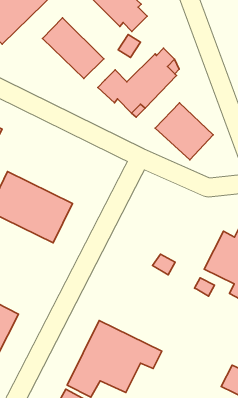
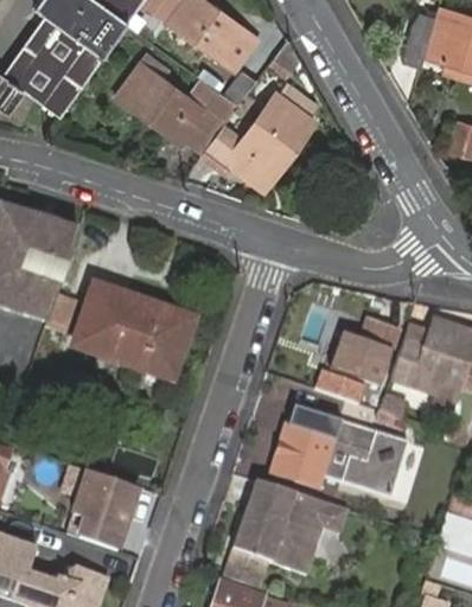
building: [155,103,213,160] -> none
building: none -> [330,320,397,382]
building: none -> [272,409,410,500]

